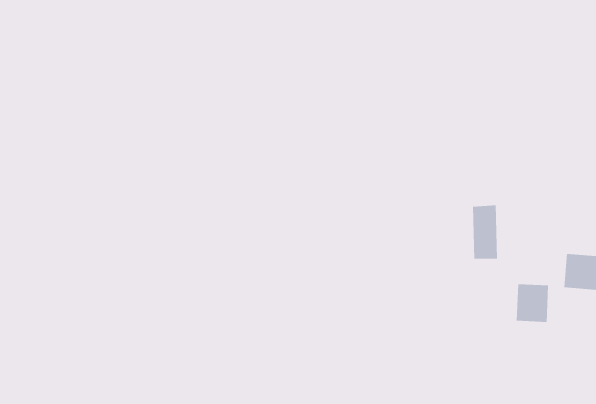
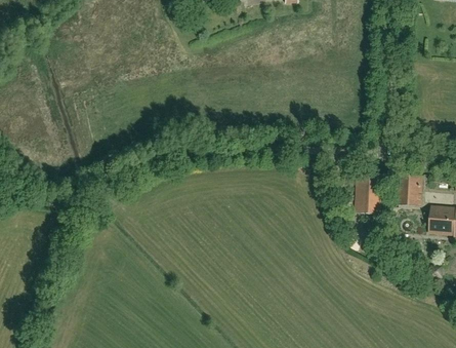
building: [516,284,549,322] -> [397,177,420,204]

